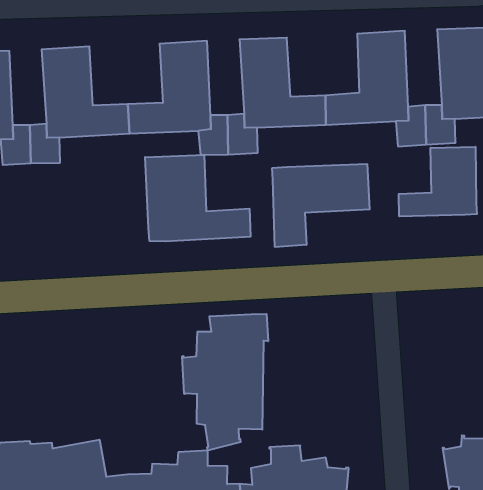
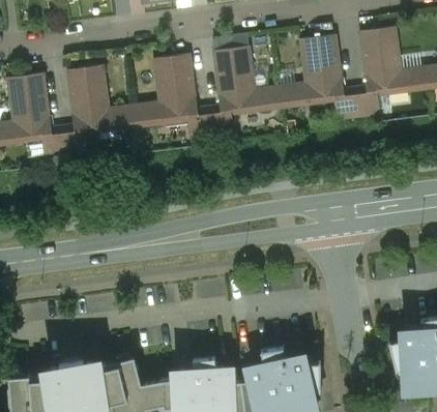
building: [399,147,477,216] -> none
building: [145,155,250,241] -> none
building: [272,164,370,247] -> none
building: [182,314,268,450] -> none

